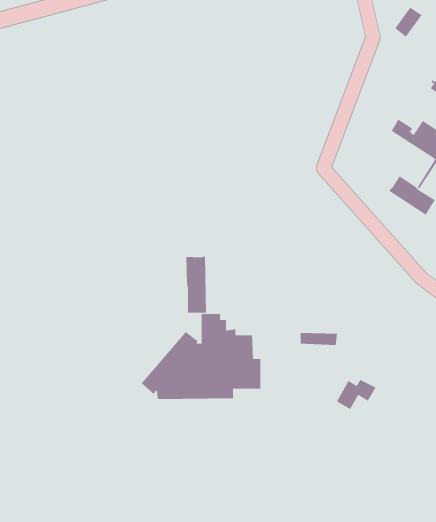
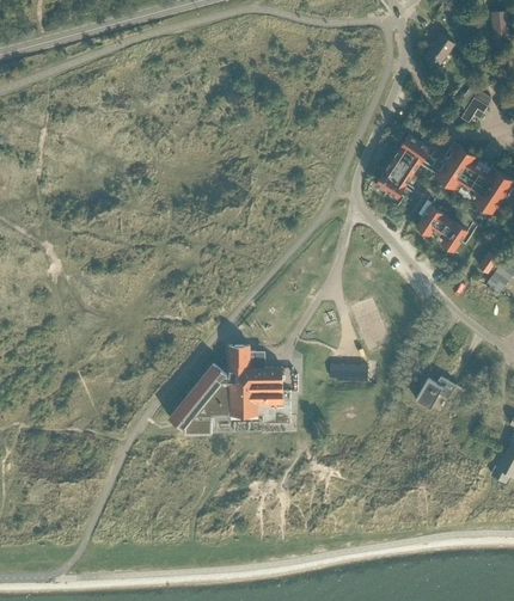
building: none -> [377,136,429,200]
building: [186,255,206,314] -> none
building: [336,379,376,410] -> [416,378,457,409]

